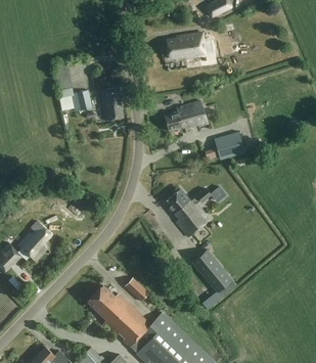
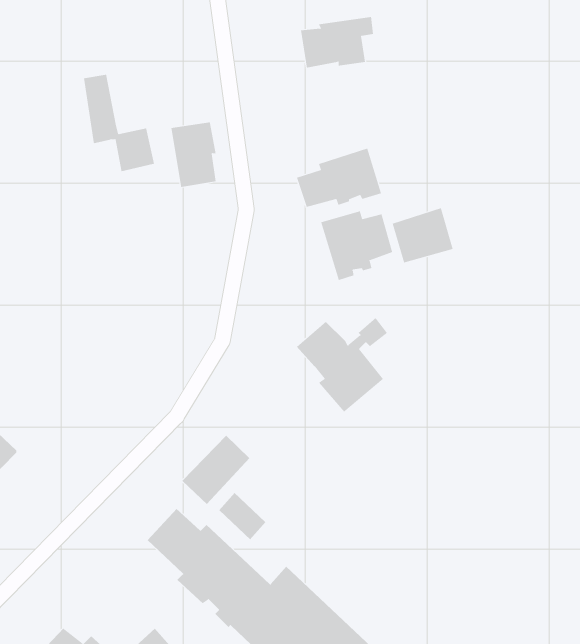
building: none -> [321,211,393,281]
building: [18,220,53,261] -> none
building: none -> [181,435,250,505]
building: [193,248,234,291] -> none

